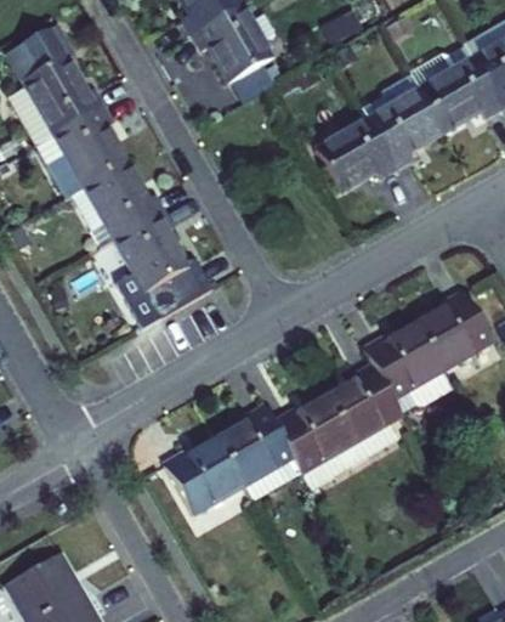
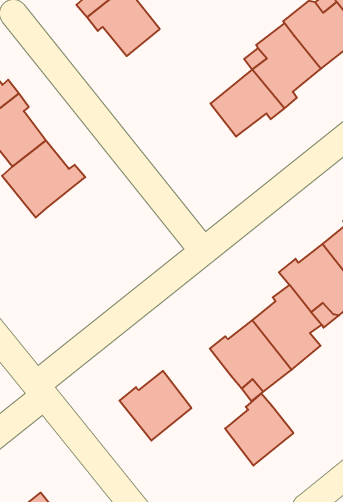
building: [114,211,187,307] -> none
building: [216,407,291,486] -> [225,393,293,466]

